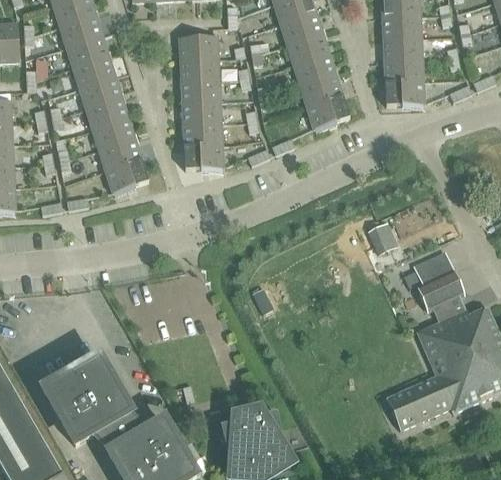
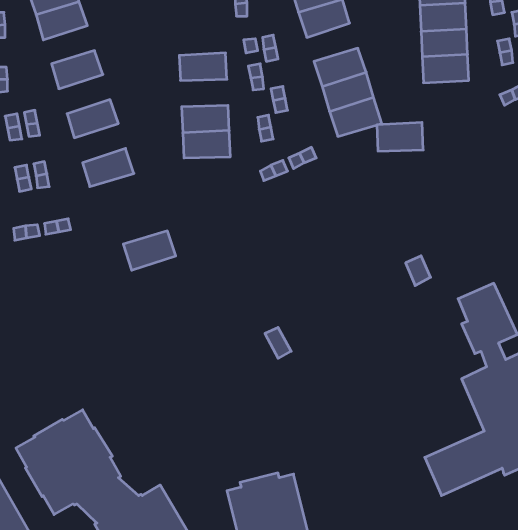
building: [287,33,330,65] -> none
building: [66,35,109,67] -> none
building: [179,36,219,60] -> none
building: [79,76,122,109] -> none
building: [181,80,221,103] -> none
building: [385,81,424,105] -> [377,122,423,151]
building: [92,117,135,150] -> none
building: [184,145,223,169] -> none
building: [105,159,149,192] -> [123,231,176,270]

